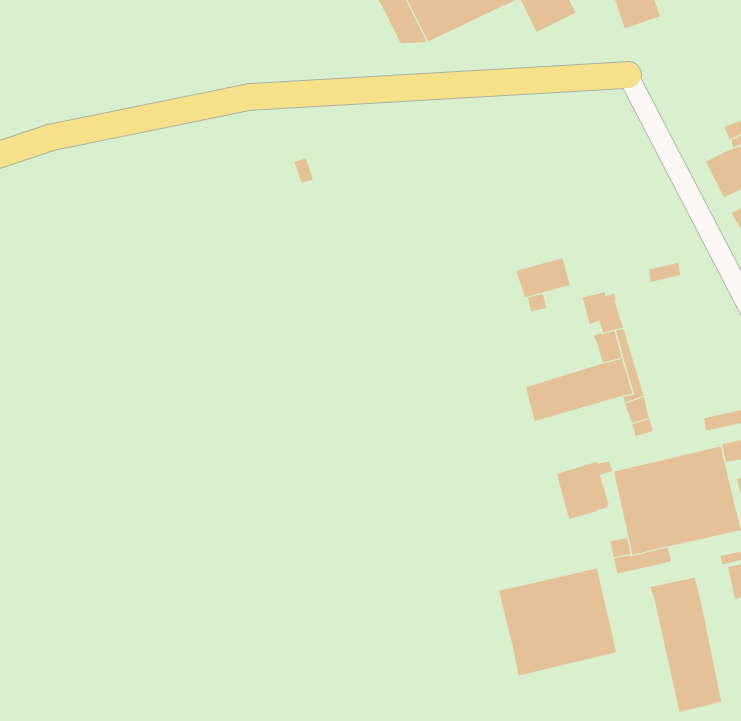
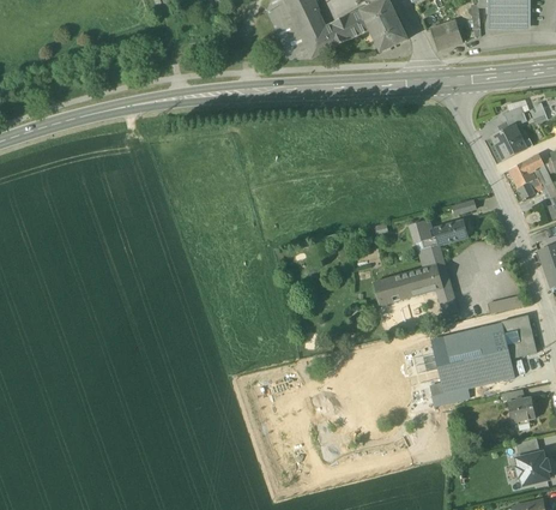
building: [515,257,570,298] -> [433,218,469,245]
building: [556,461,613,520] -> none
building: [498,567,617,677] -> none
building: [649,577,722,713] -> none

